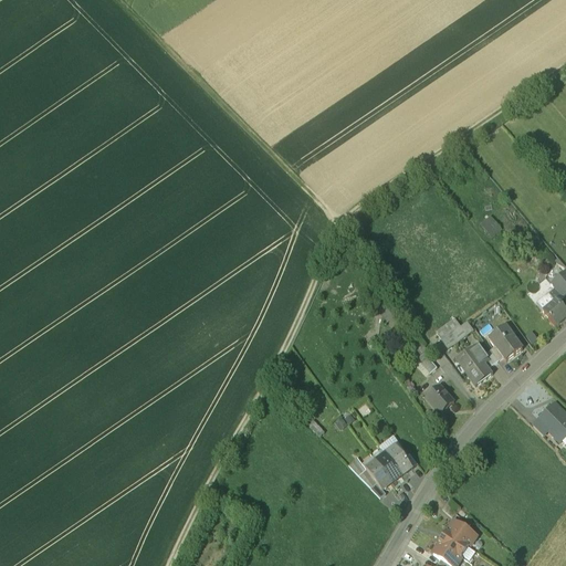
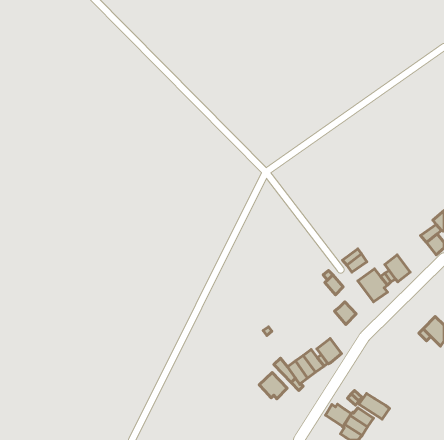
building: none -> [317,338,342,364]
building: none -> [259,372,287,399]
building: none -> [359,393,390,419]
building: none -> [326,404,351,426]

